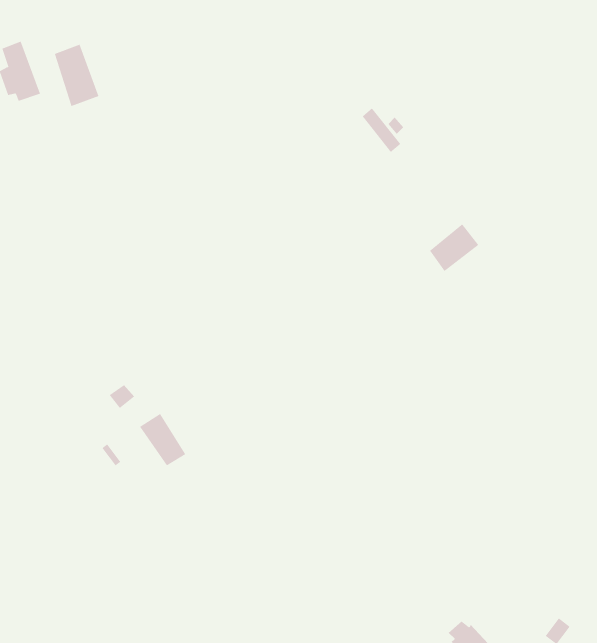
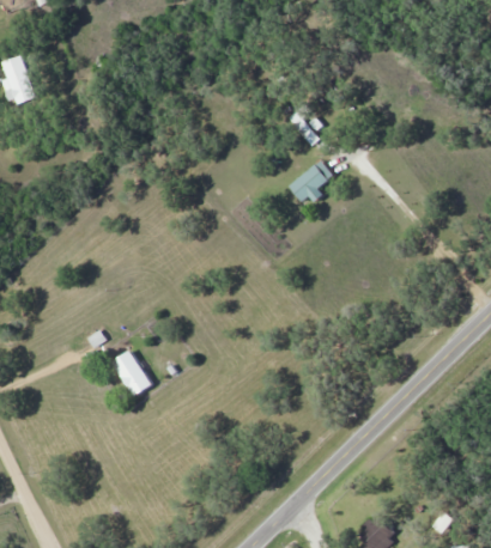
building: [54,44,99,107] -> none
building: [429,224,479,272] -> [291,164,331,202]

